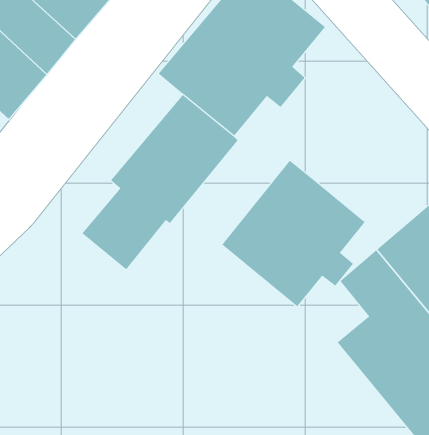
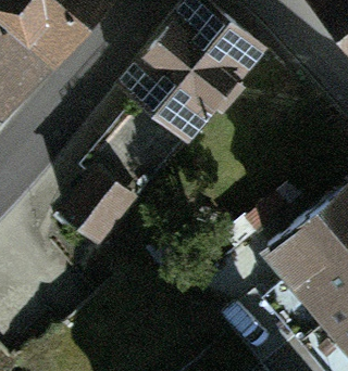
building: [221,160,366,307] -> none

